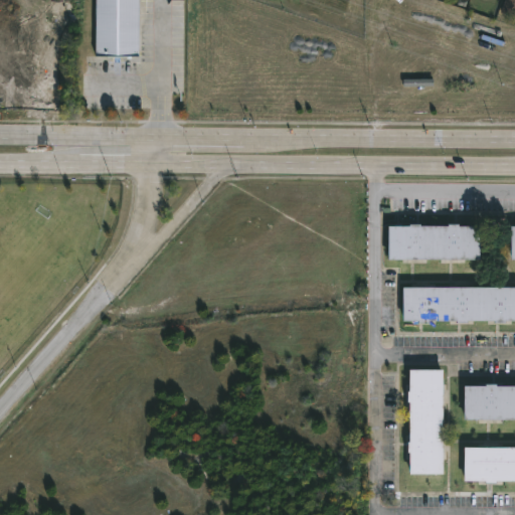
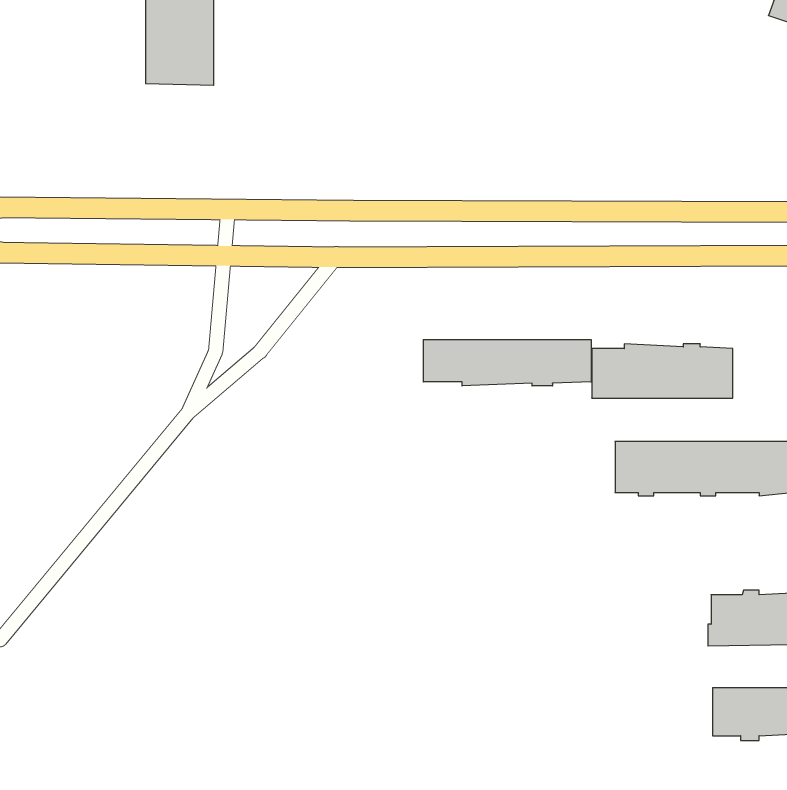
building: none -> [423,340,591,386]
building: [406,369,443,475] -> none

